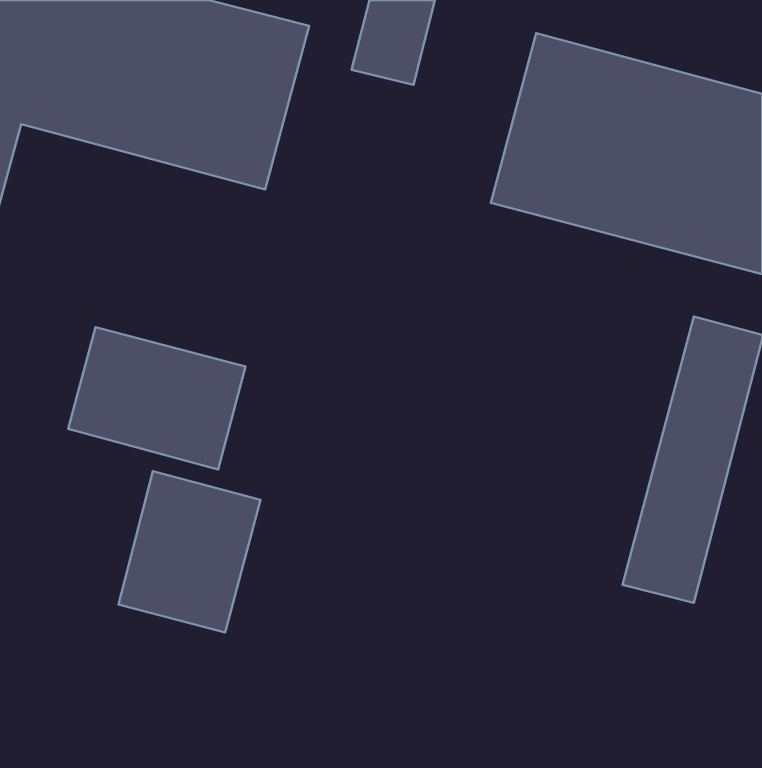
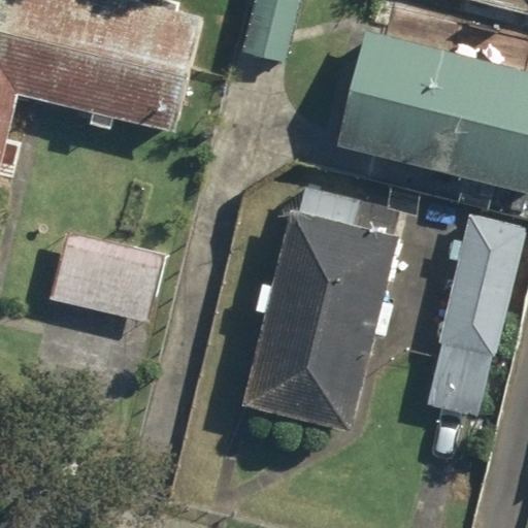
building: none -> [244,211,400,432]
building: [119,471,260,632] -> none

